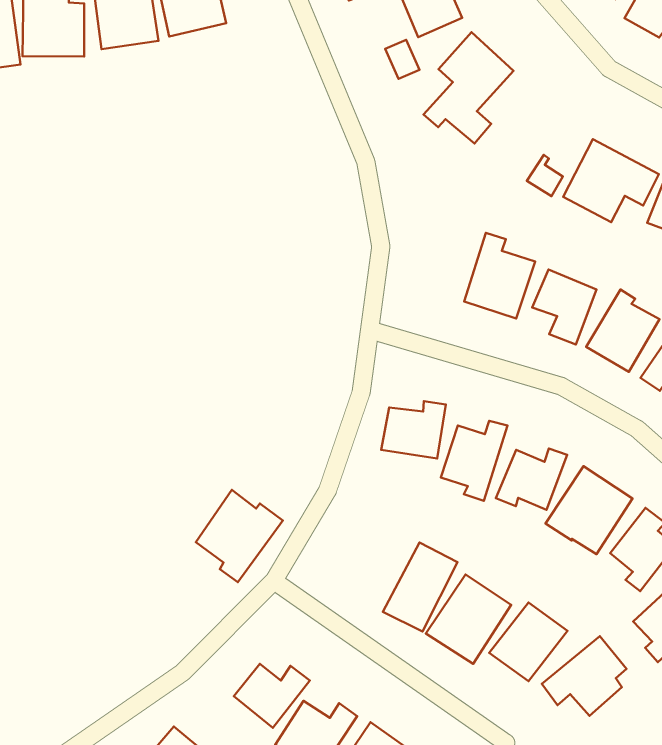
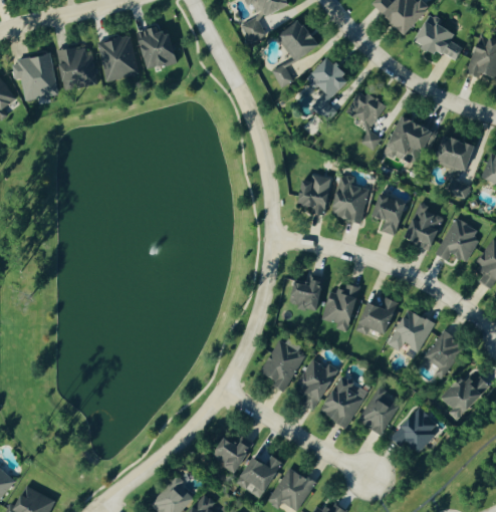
building: none -> [347,90,386,125]
building: none -> [296,173,331,215]
building: [196,490,283,582] -> [258,338,308,393]

